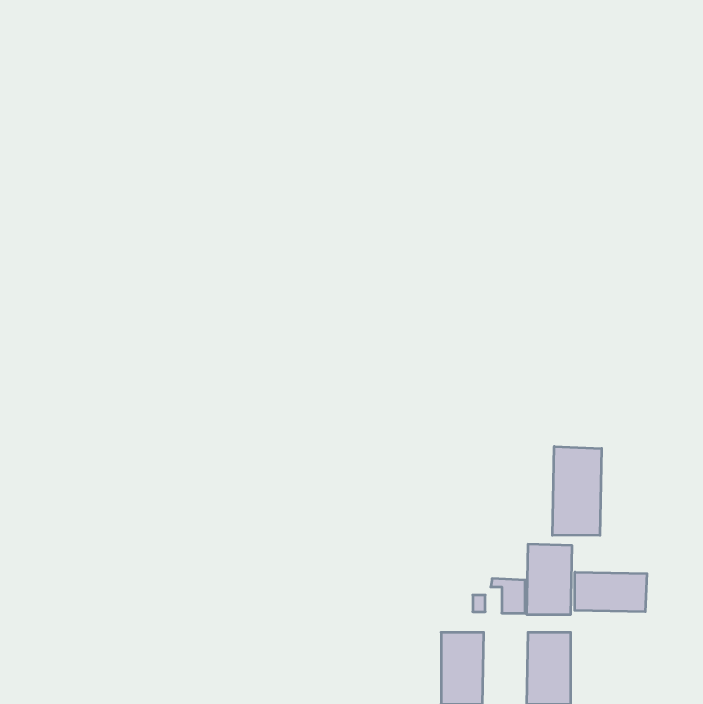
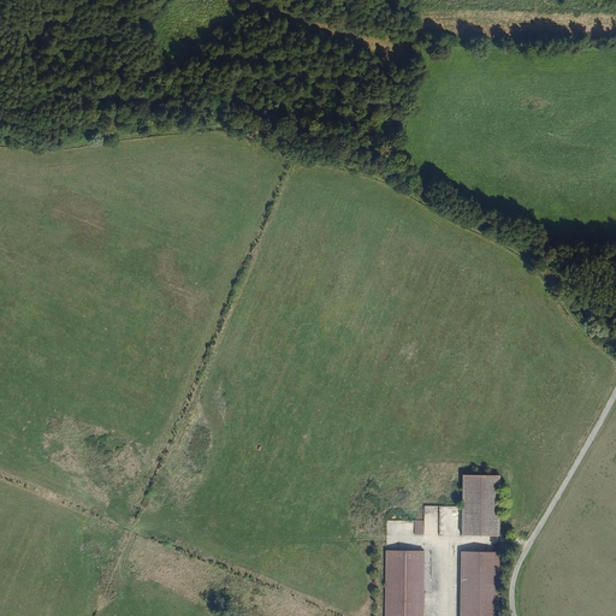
building: [552,446,602,535] -> none
building: [575,572,647,612] -> none

